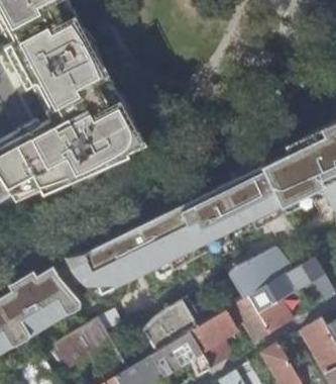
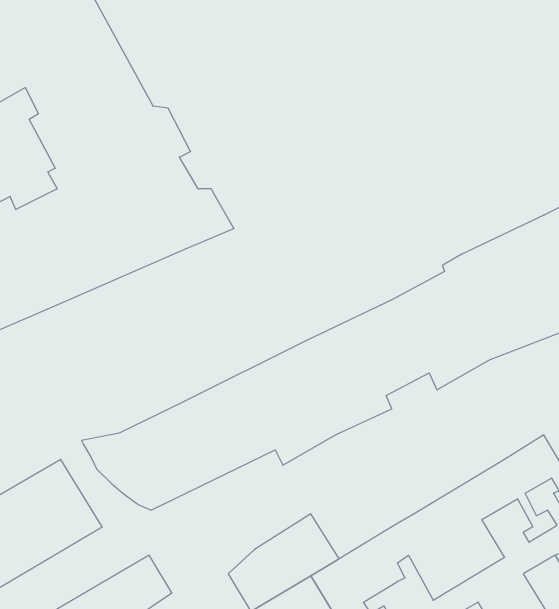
building: [229,247,292,296] -> none

